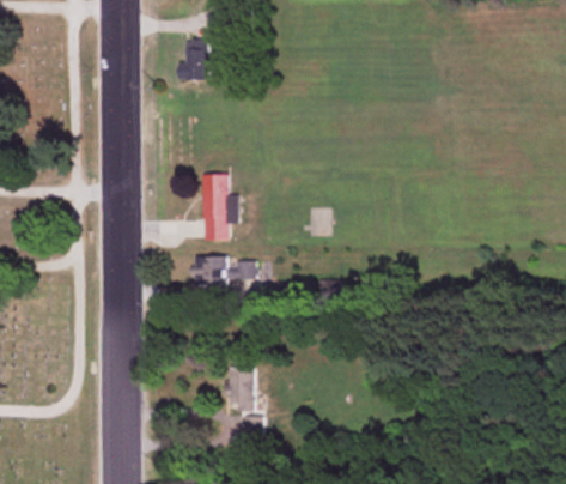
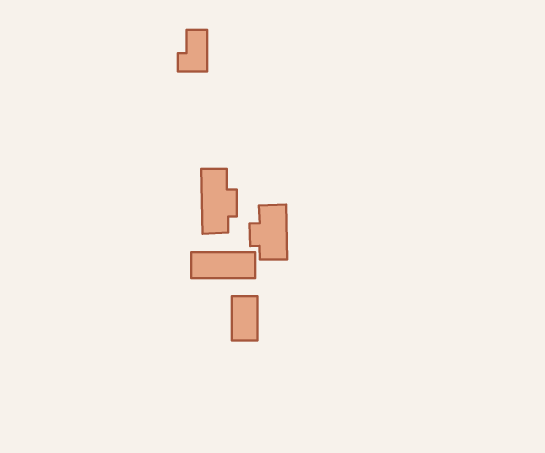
building: none -> [249,205,287,260]
building: [227,367,252,410] -> [232,296,258,340]

